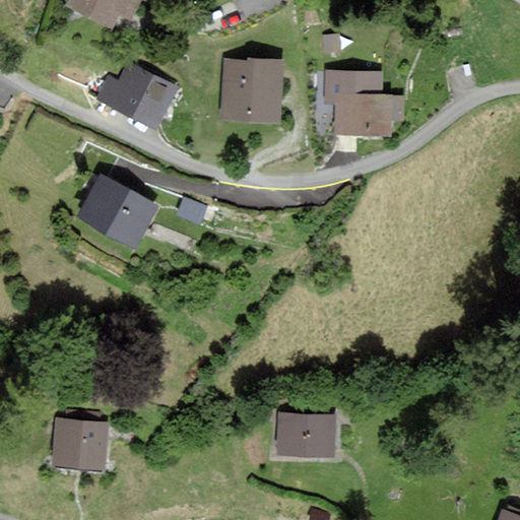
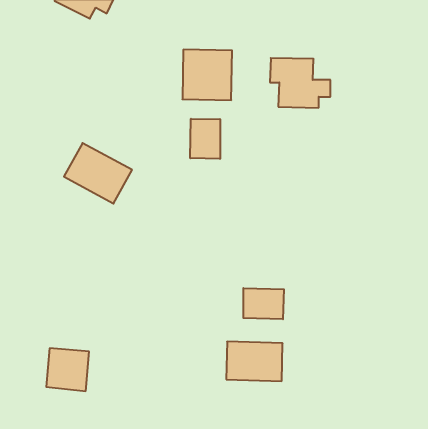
building: [98,61,178,125] -> none
building: none -> [190,119,220,159]
building: none -> [243,288,284,319]

